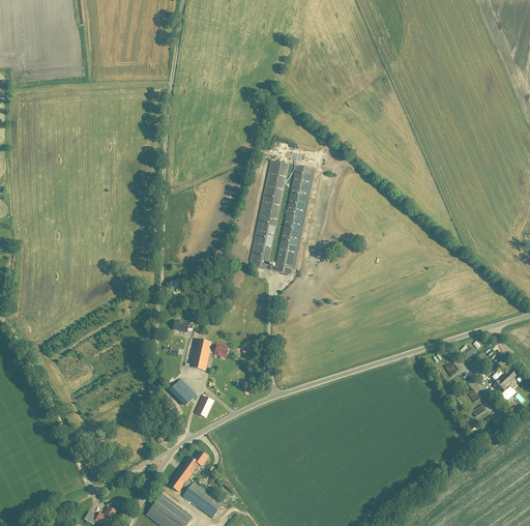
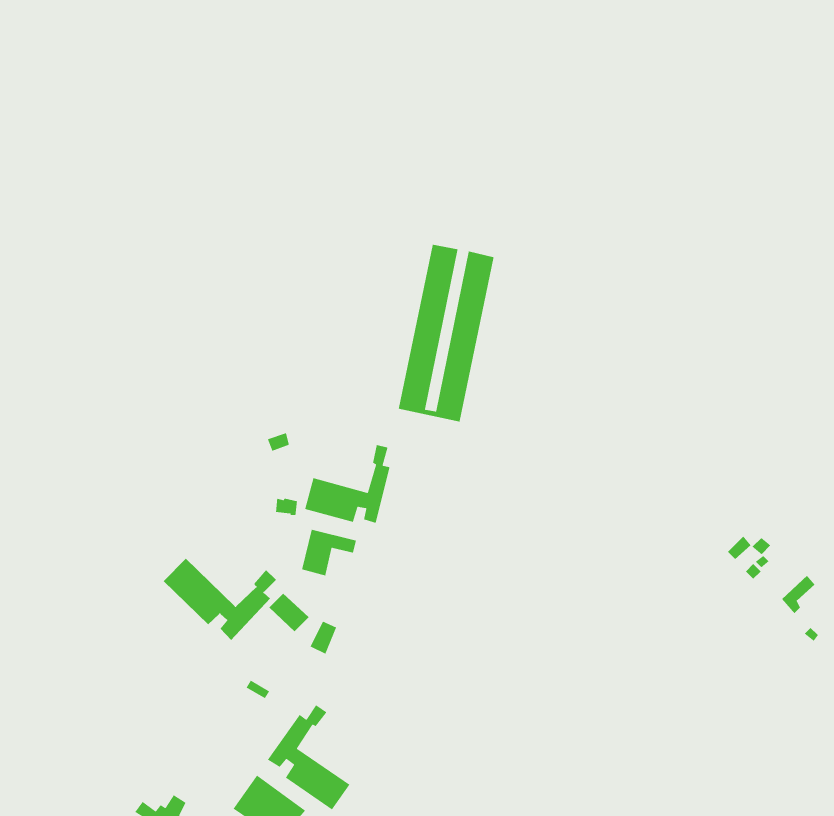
building: none -> [304,444,391,524]
building: none -> [163,558,277,641]

